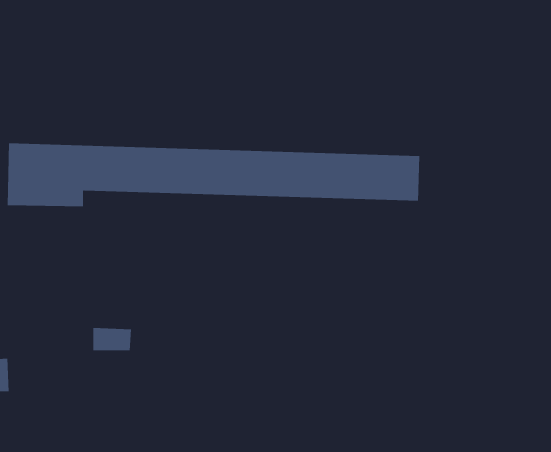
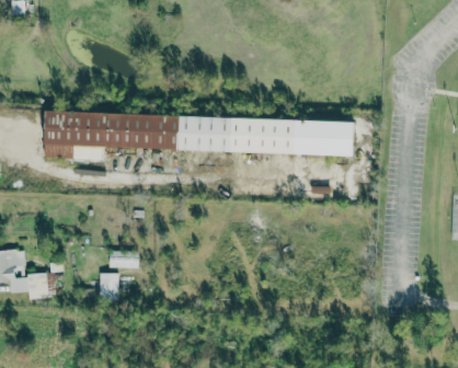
building: none -> [99,273,118,300]

